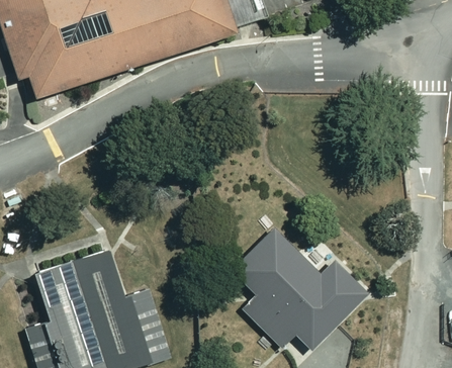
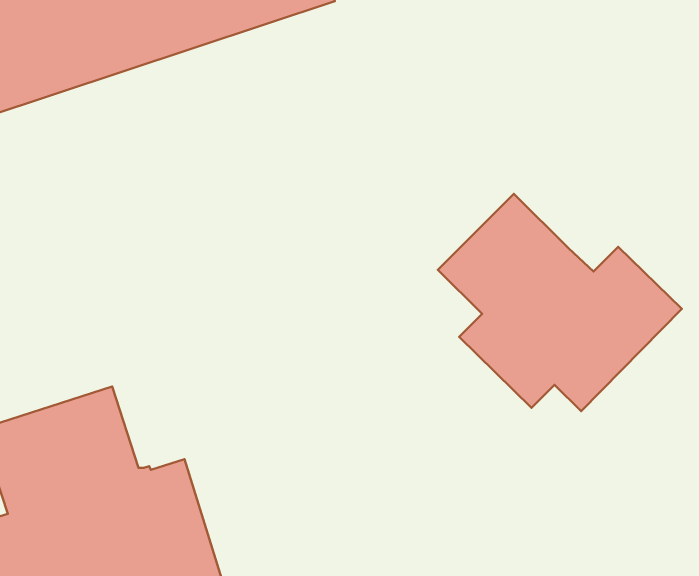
building: [231,227,370,352] -> [438,194,682,411]

